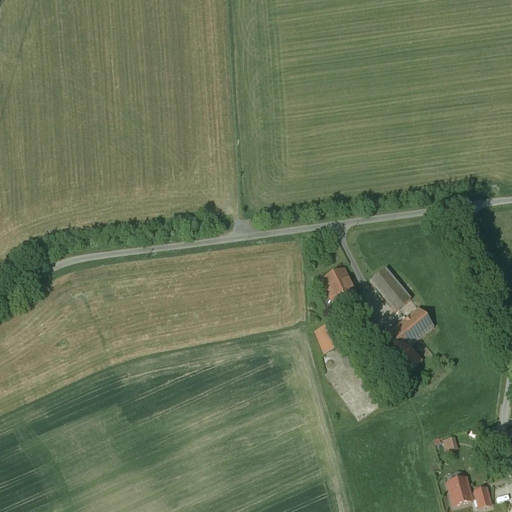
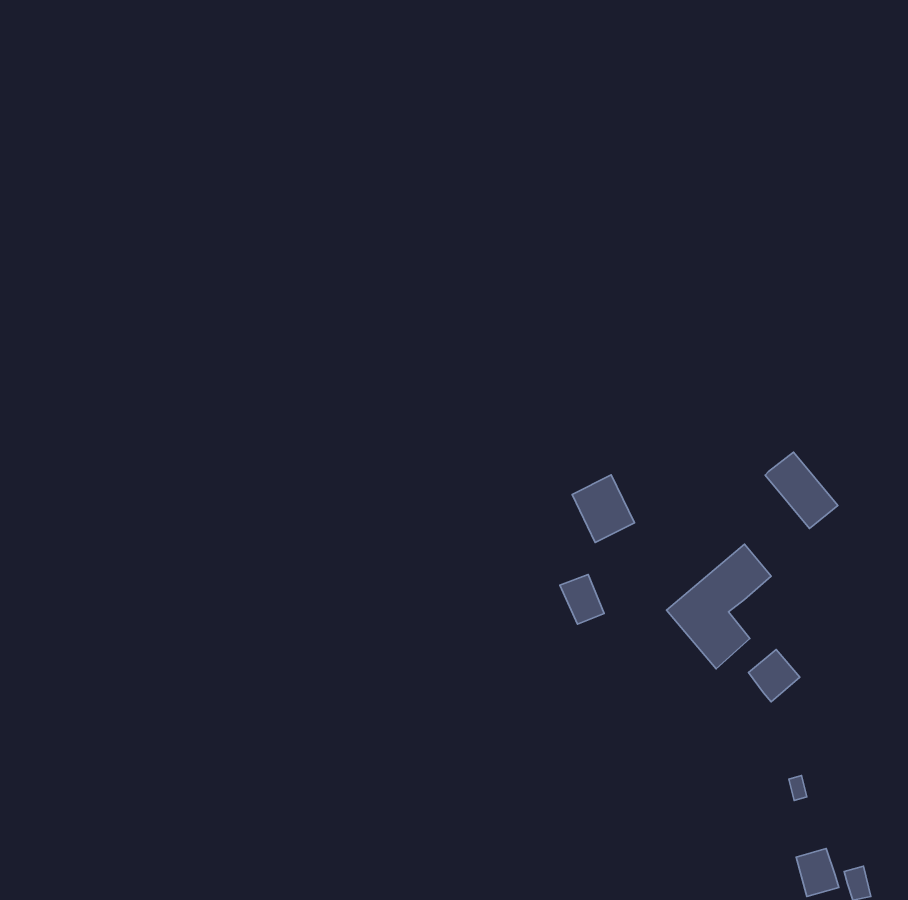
building: [370,266,411,309] -> [765,452,838,529]
building: none -> [749,650,800,702]

